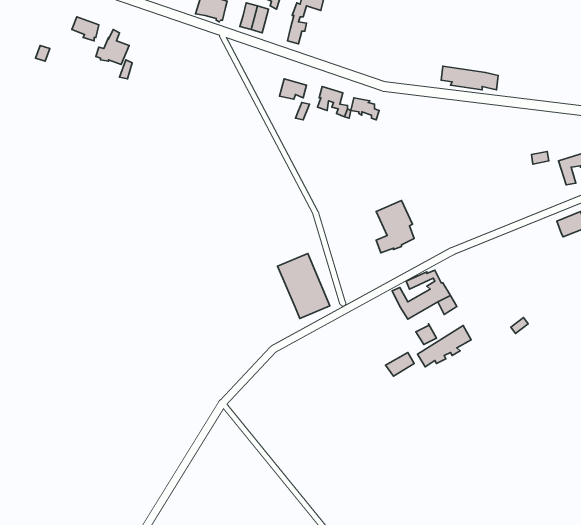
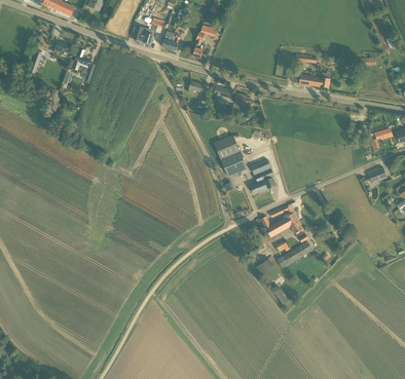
building: [278,253,330,318] -> [213,134,247,176]

